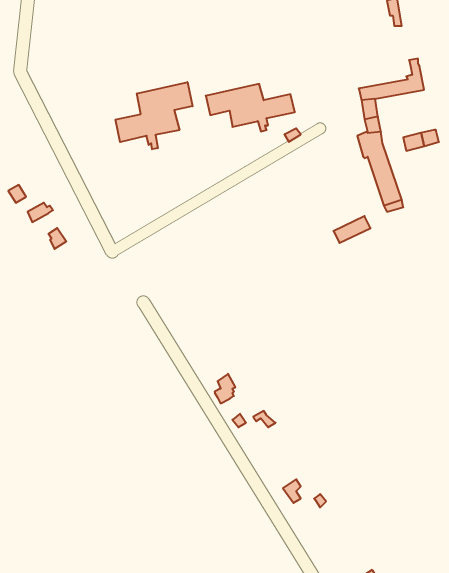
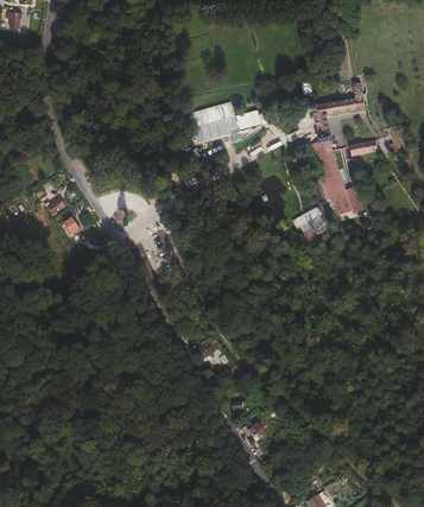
building: [116,82,193,149] -> none

